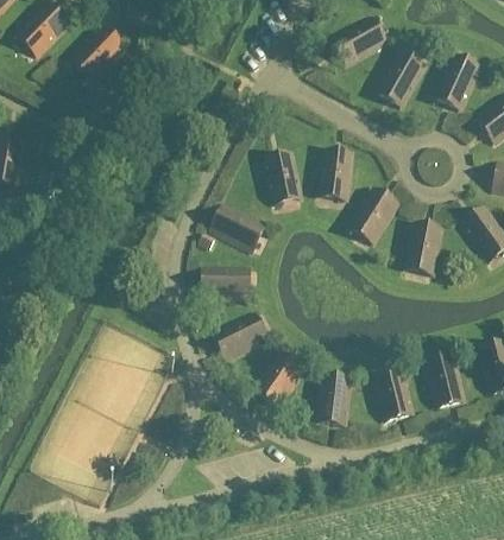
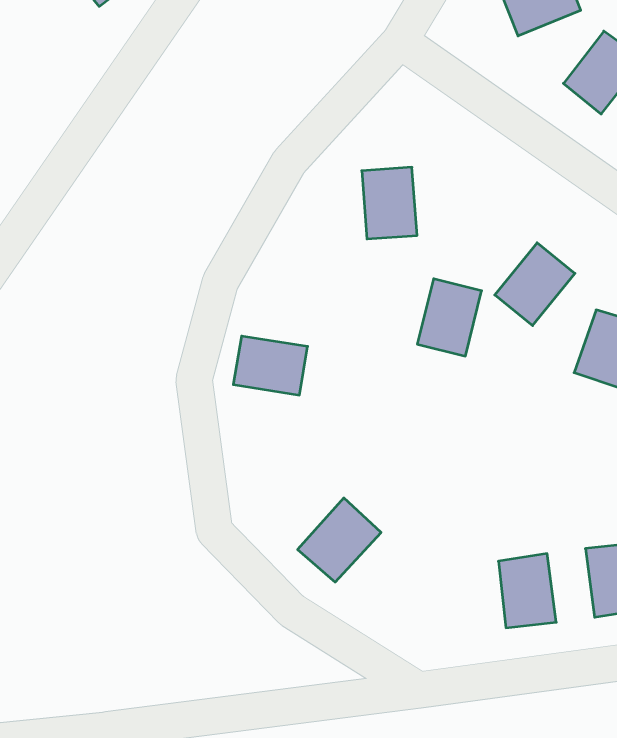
building: [319,150,353,193] -> [417,279,482,356]
building: [210,203,260,248] -> none
building: [213,315,263,360] -> none
building: [316,380,351,424] -> none

